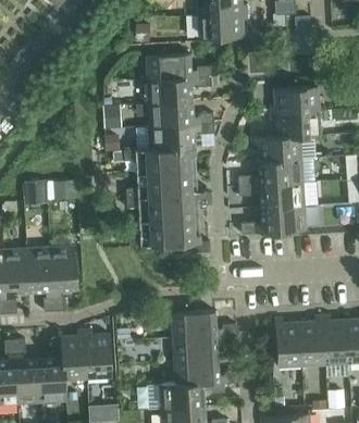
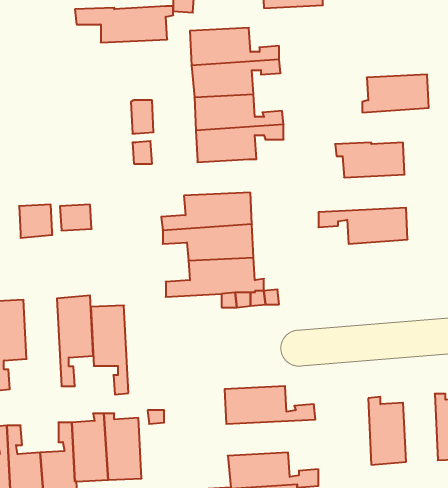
building: [271,110,321,136] -> none
building: [124,147,195,173] -> [75,6,173,42]
building: [238,158,302,185] -> none
building: [242,204,306,233] -> none
building: [27,247,54,311] -> [91,305,128,395]
building: [300,315,325,364] -> none
building: [173,334,237,360] -> none

